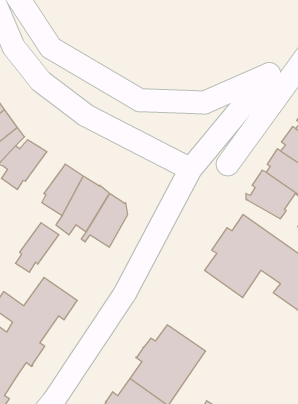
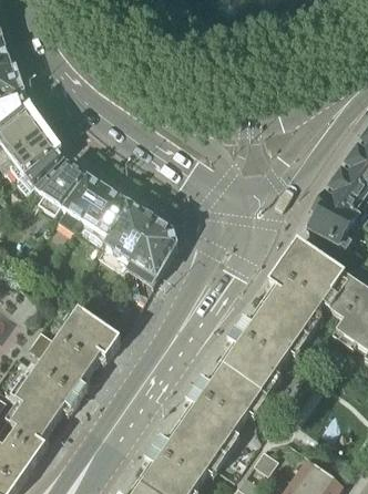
building: [15,223,59,272] -> [60,174,108,228]
building: none -> [219,303,303,392]

